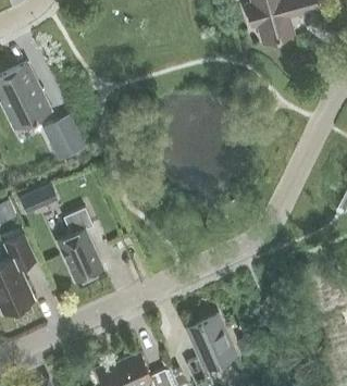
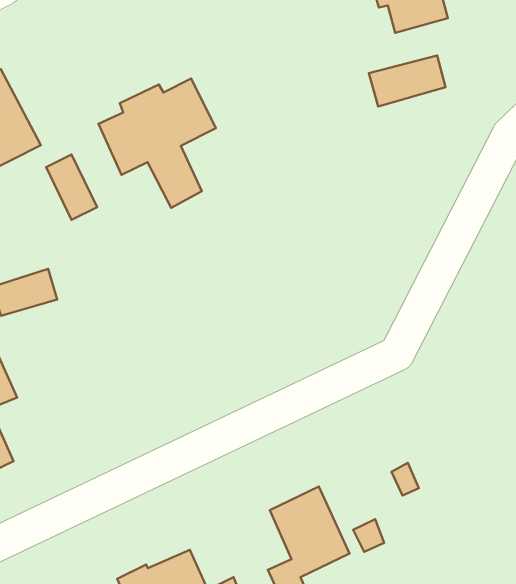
building: none -> [369,55,445,107]
building: none -> [99,79,216,208]
building: [58,209,104,282] -> none

